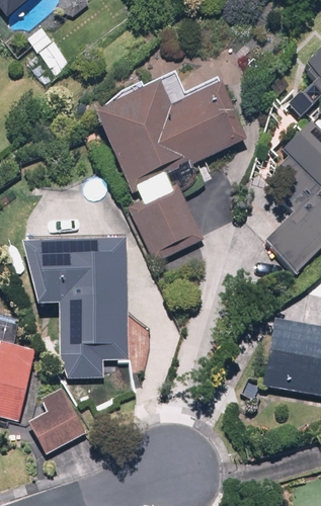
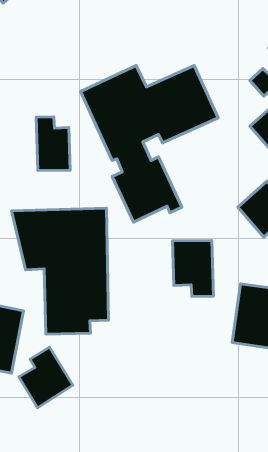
building: none -> [36,117,70,170]
building: none -> [172,240,213,297]

